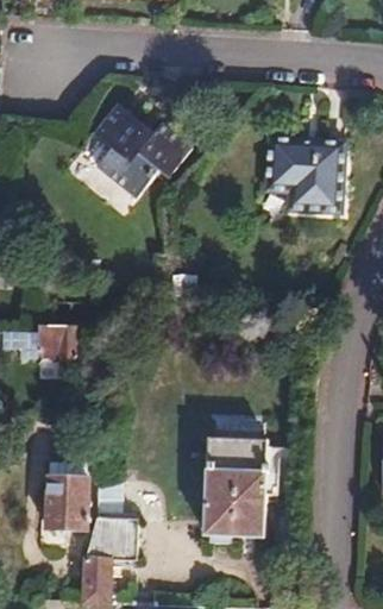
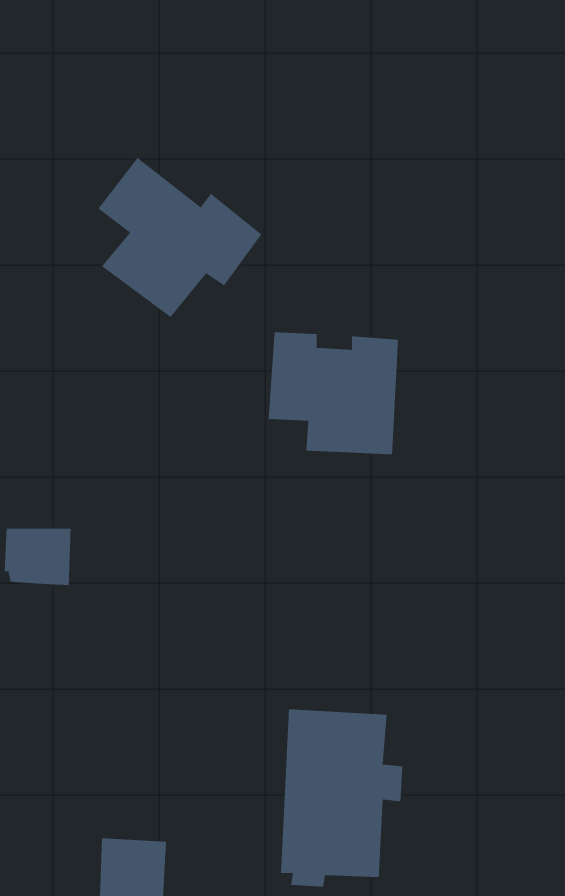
building: [263,139,341,213] -> [268,332,399,455]
building: [44,465,87,530] -> none

